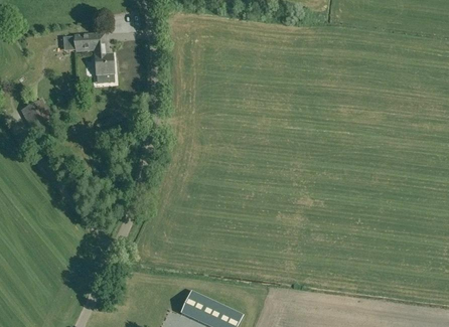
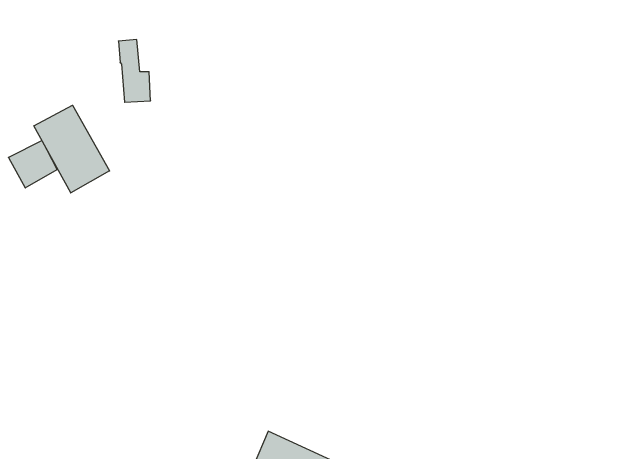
building: [66,33,94,50] -> none
building: none -> [34,105,110,193]

